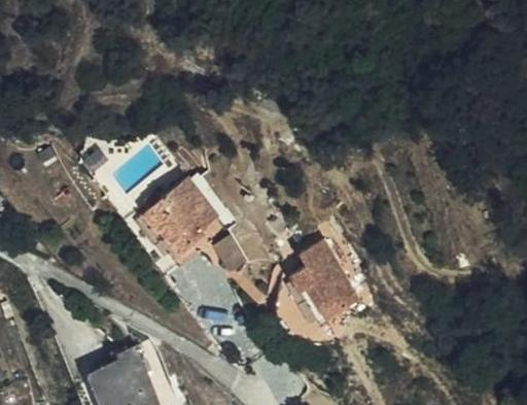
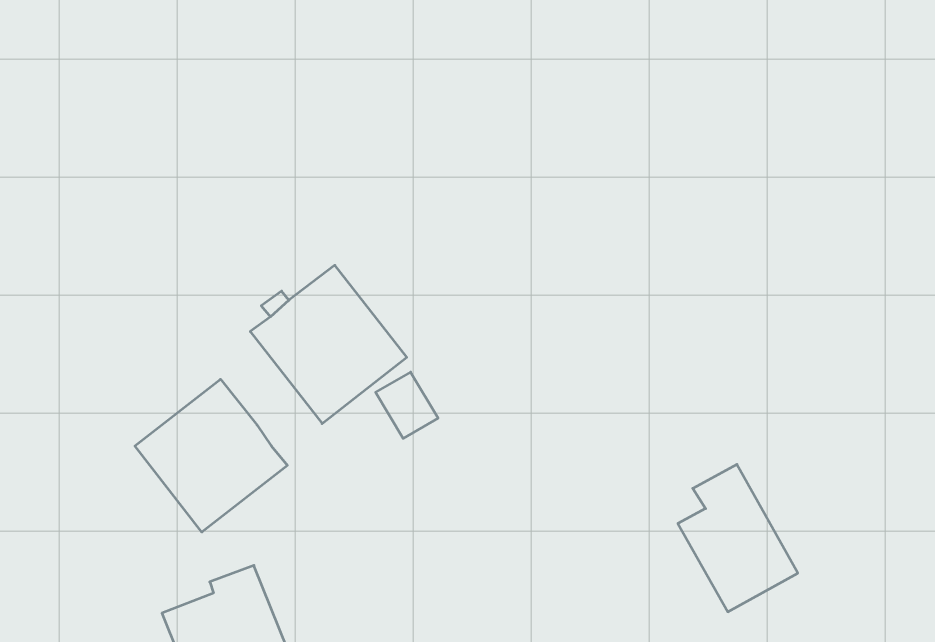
building: [291,239,358,322] -> [678,464,798,612]
building: none -> [135,379,287,532]

